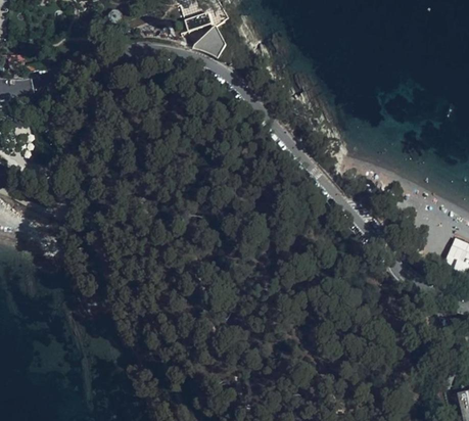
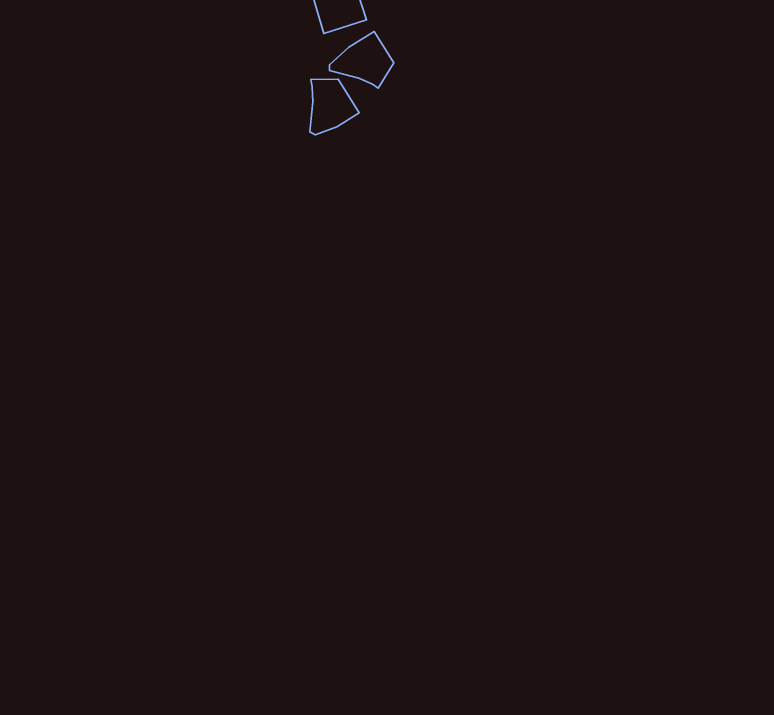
building: none -> [310,79,359,135]

